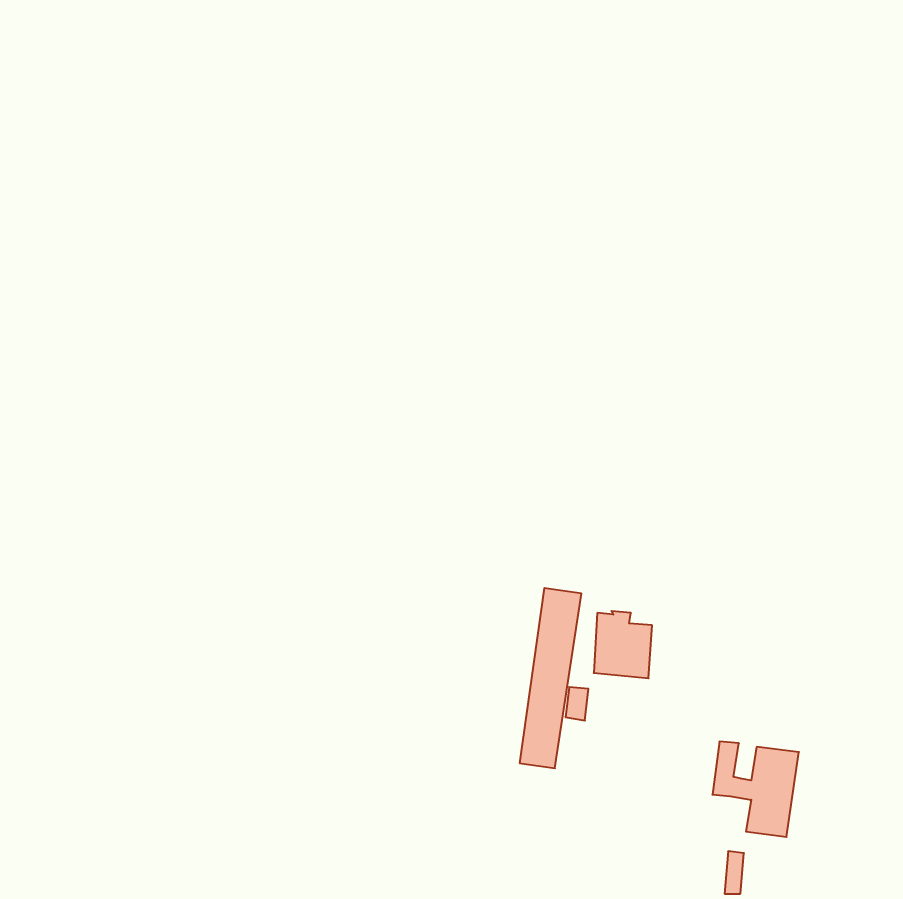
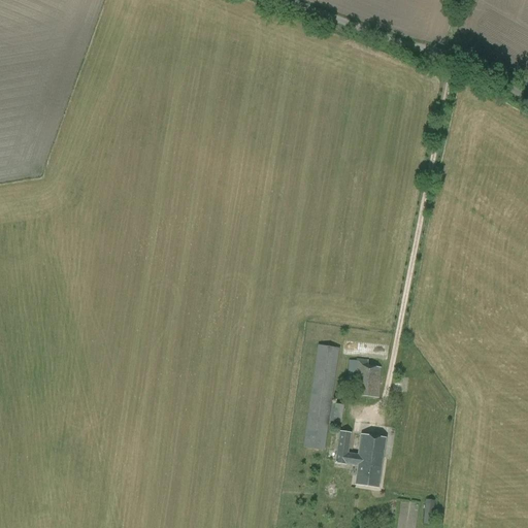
building: [712,742,799,837] -> [335,430,386,486]

